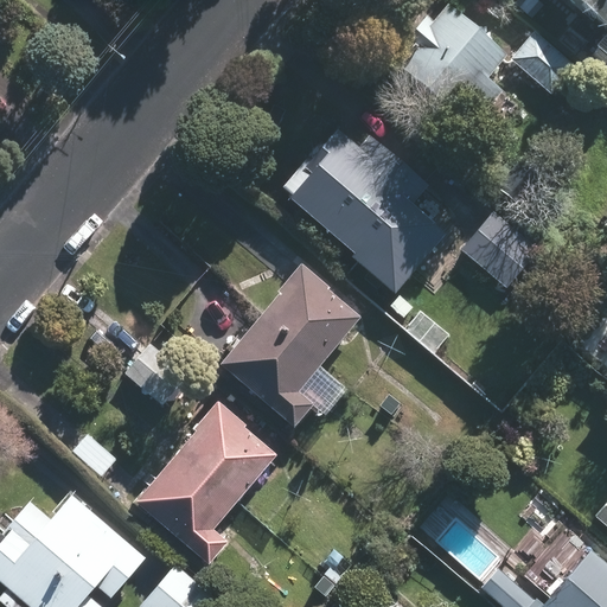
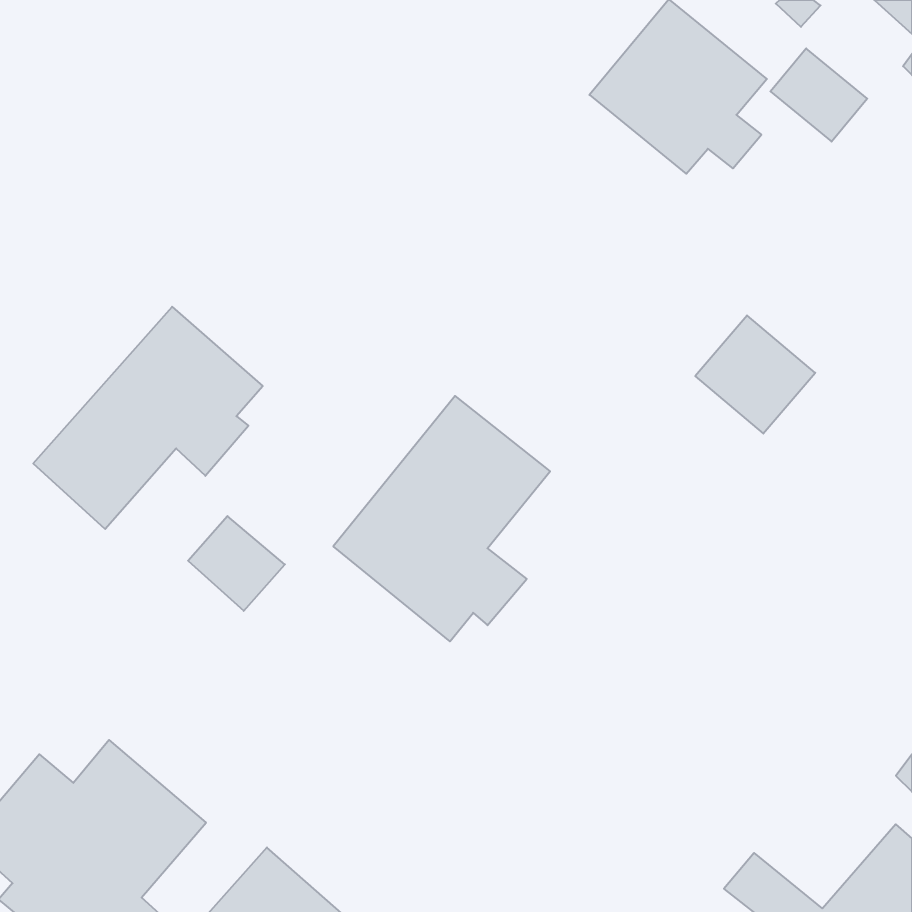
building: [283,128,458,295] -> none
building: none -> [33,307,263,529]
building: [133,401,280,566] -> none

